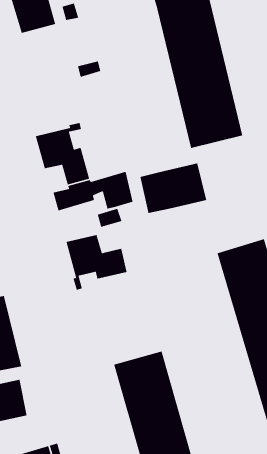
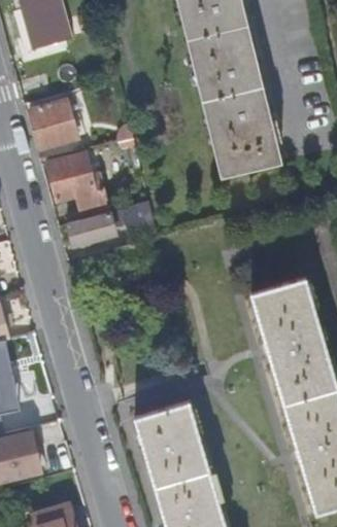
building: none -> [28,98,78,147]
building: [140,163,207,214] -> none
building: [66,234,127,291] -> none

